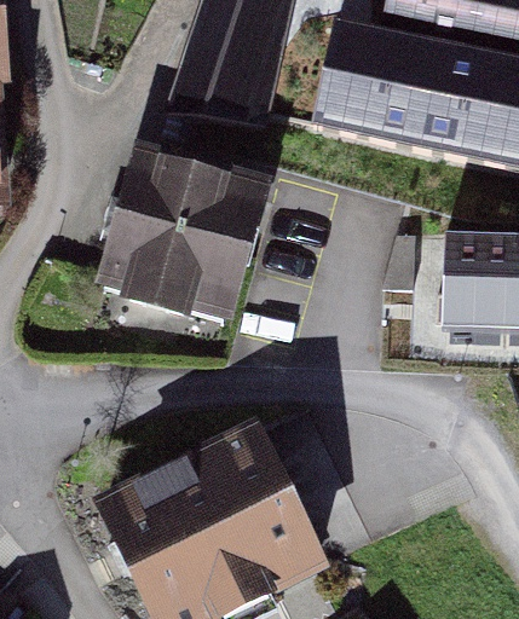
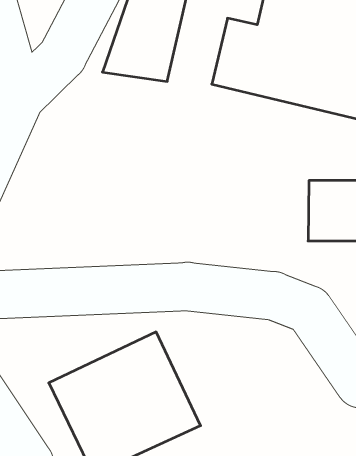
building: [111,154,265,322] -> none

